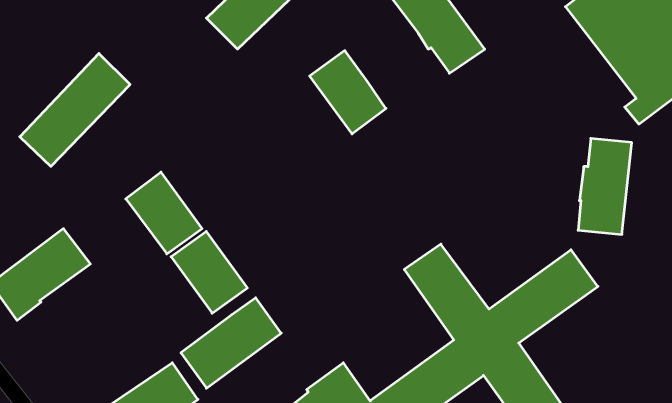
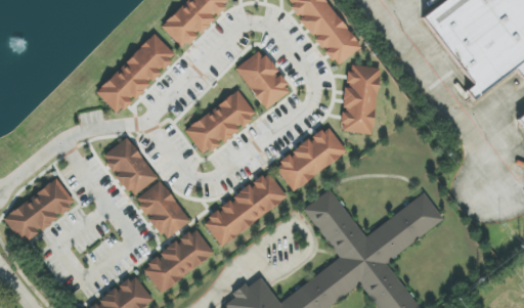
building: [20,53,130,166] -> [96,33,176,115]
building: none -> [185,91,258,155]
building: [578,138,632,234] -> [341,64,380,134]
building: none -> [274,127,348,190]
building: none -> [203,172,289,246]

